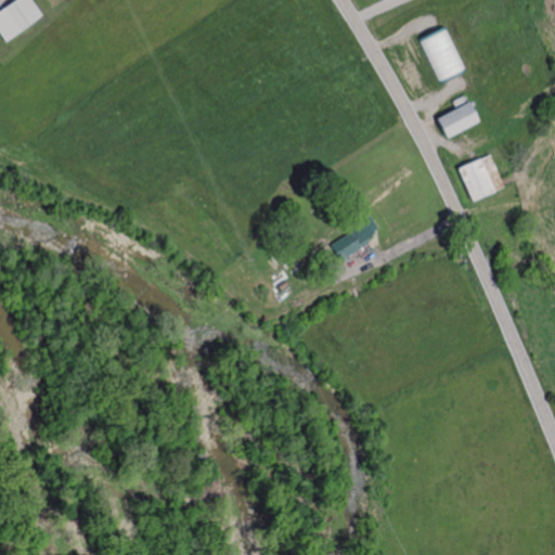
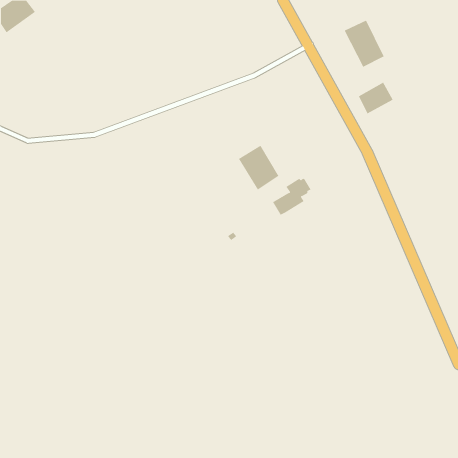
building: [459,155,503,203] -> none
building: none -> [238,145,279,190]

